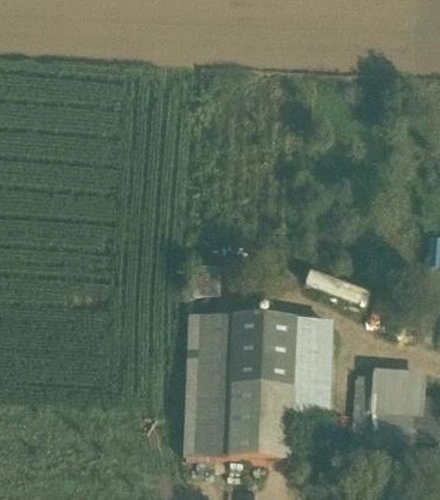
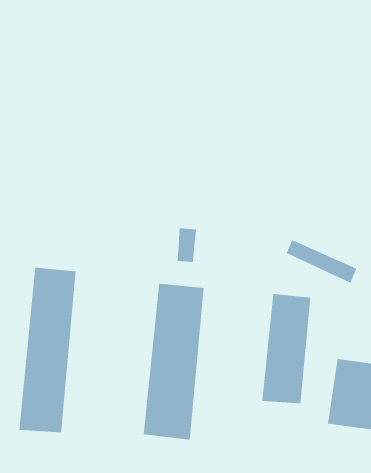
building: none -> [19,267,76,433]
building: [228,313,295,458] -> none

